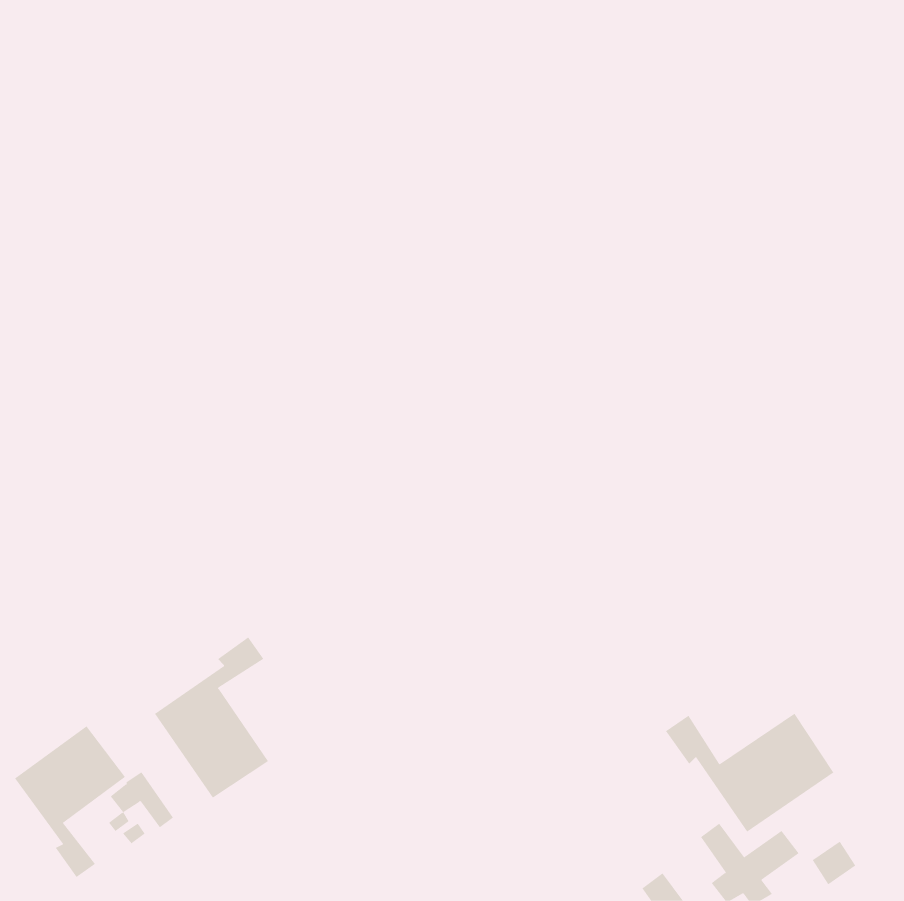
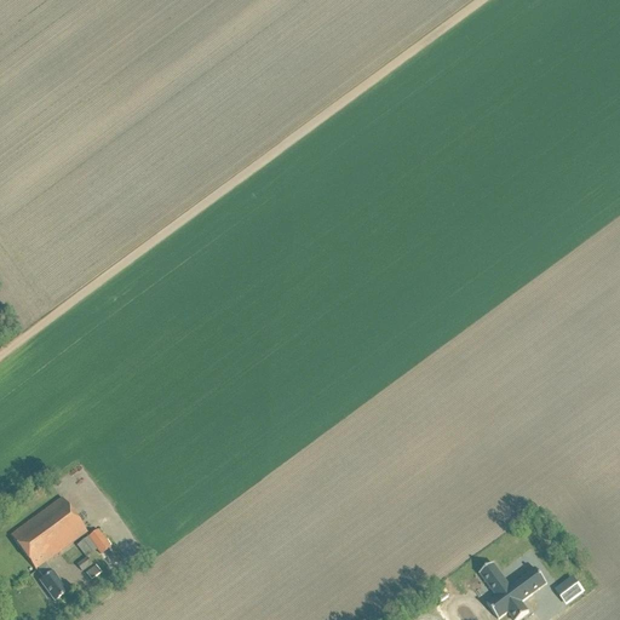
building: [154,637,269,799] -> none
building: [665,713,834,833] -> none

